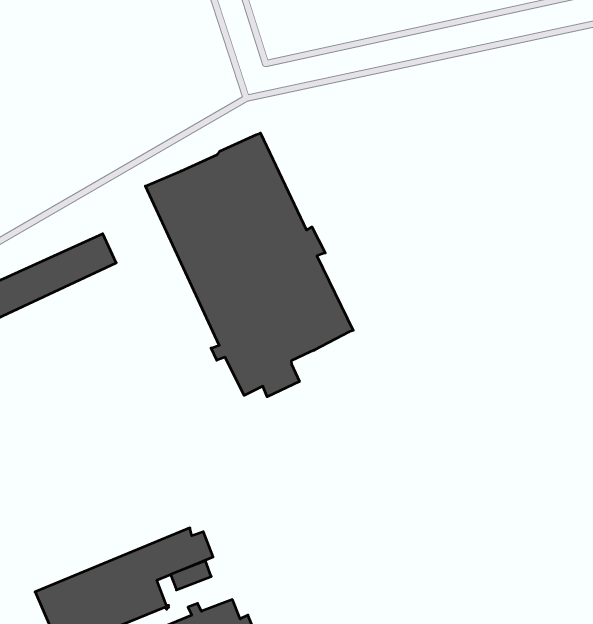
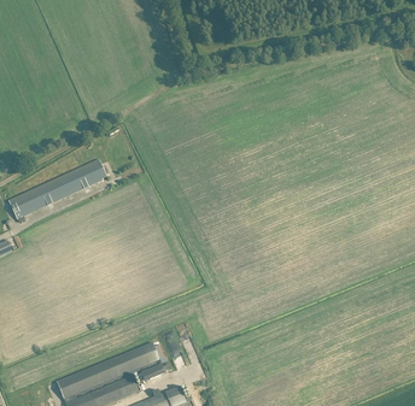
building: [145,133,353,397] -> none

